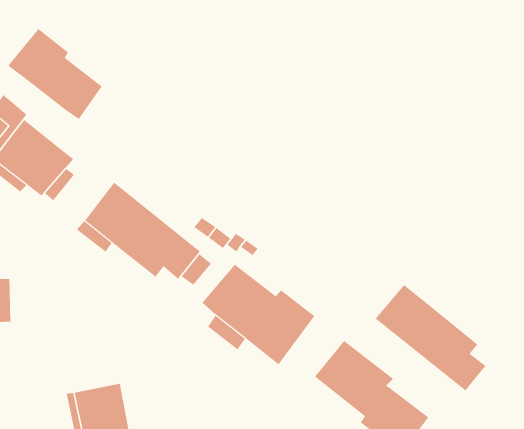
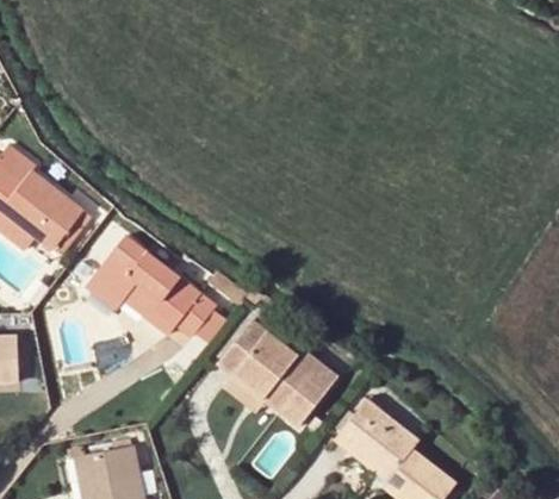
building: [7,28,102,120] -> none
building: [375,284,487,391] -> none

